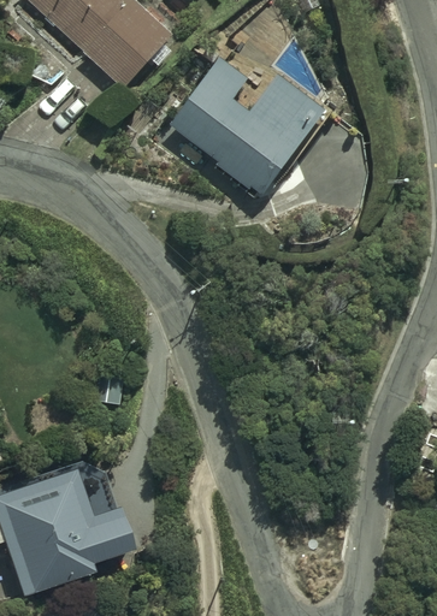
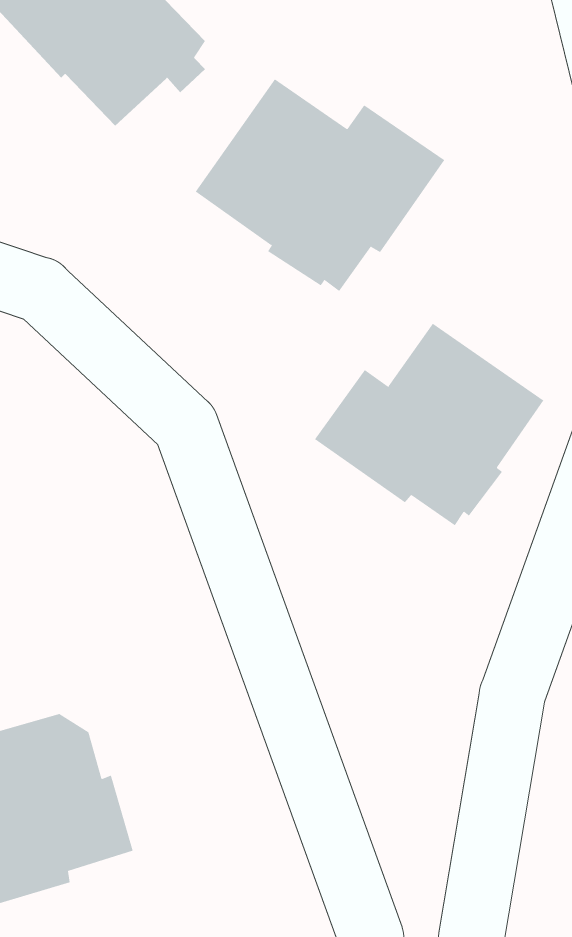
building: none -> [314,323,544,526]

